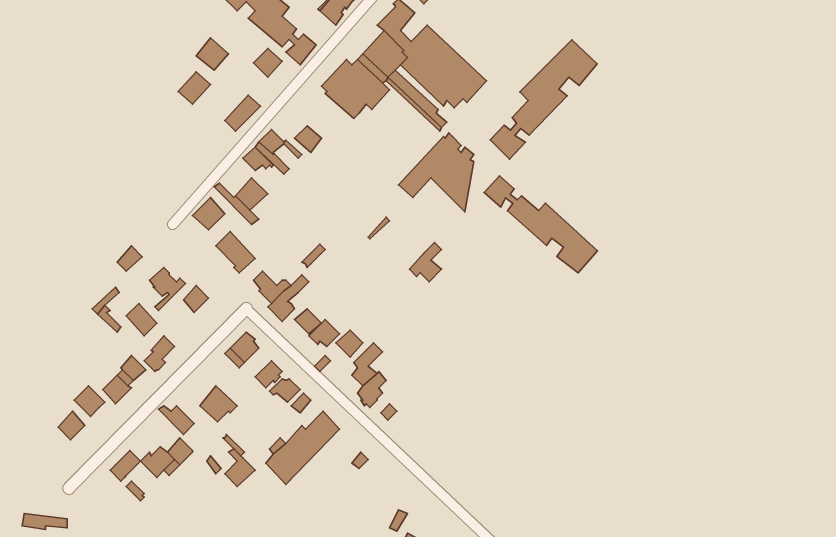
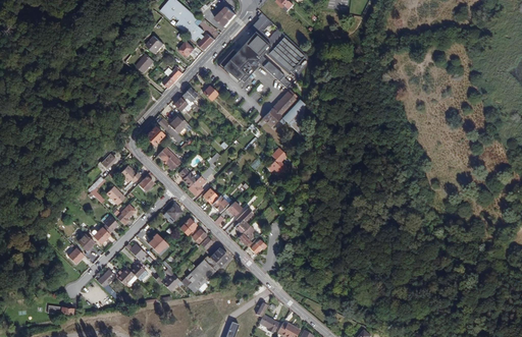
building: [490,40,597,159] -> none
building: [484,176,597,273] -> none

